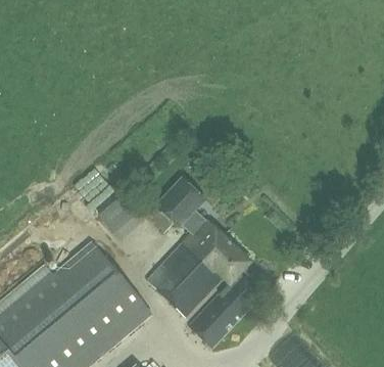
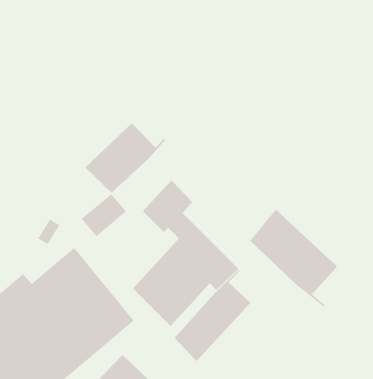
building: none -> [84,122,166,194]
building: none -> [250,209,338,307]

